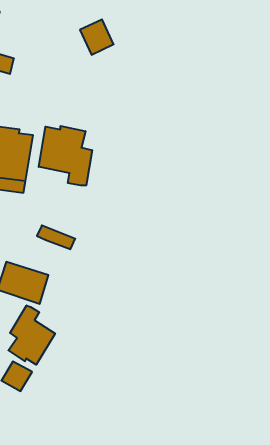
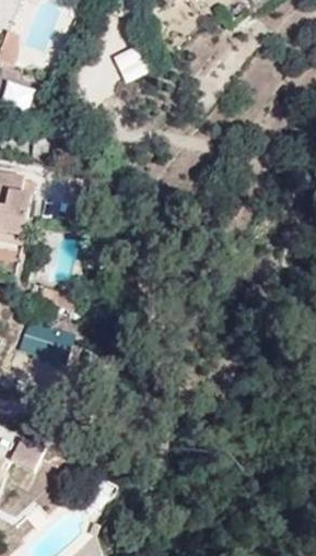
building: [39,126,92,185] -> none
building: [8,305,55,365] -> none

